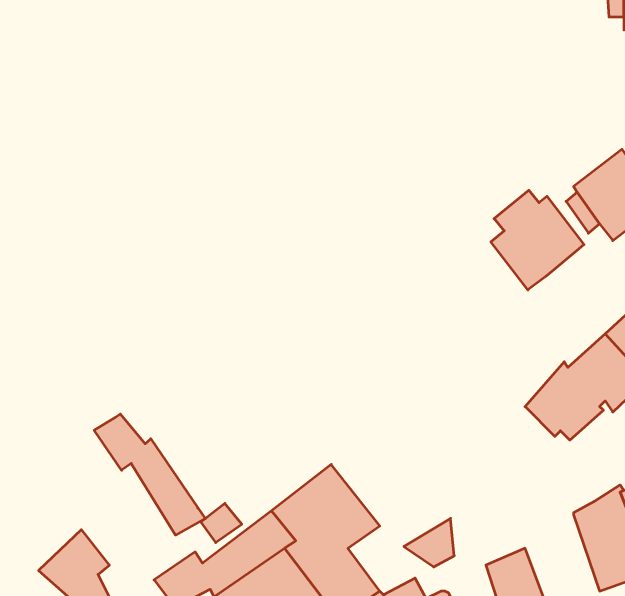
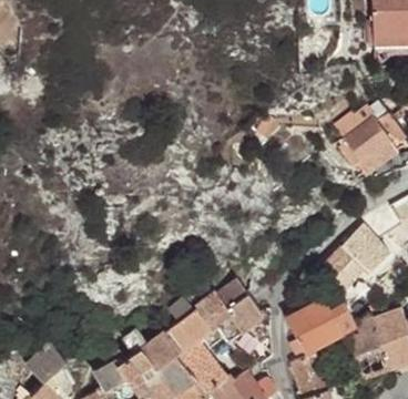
building: [491,190,584,290] -> none
building: [94,414,205,535] -> none
building: none -> [200,290,263,340]
building: none -> [285,300,356,357]

